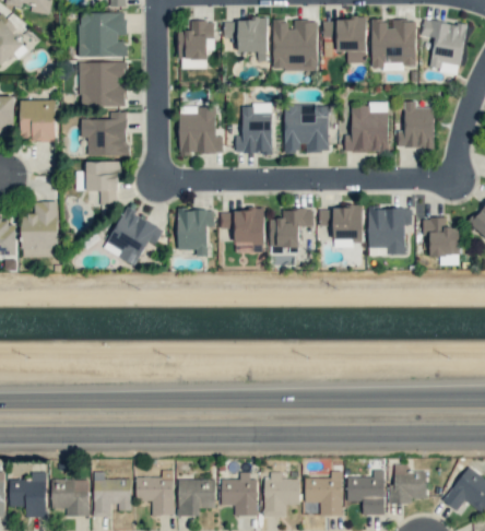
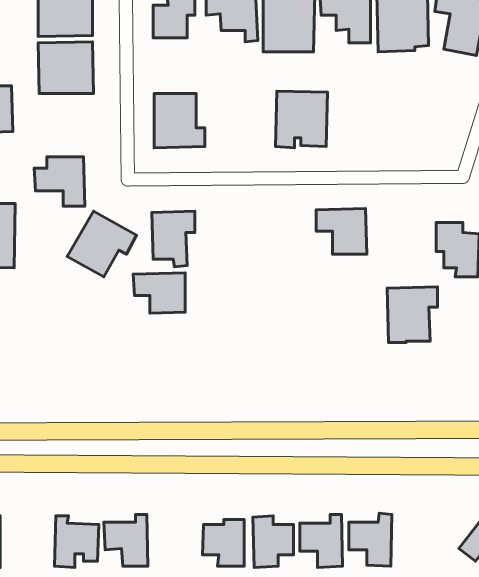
building: [398,101,435,148] -> none
building: [344,103,388,151] -> none
building: [235,104,272,153] -> none
building: [81,110,128,155] -> none
building: [368,206,412,255] -> [387,287,438,343]
building: [220,209,264,244] -> [133,273,185,313]
building: [269,209,314,247] -> none
building: [389,463,427,504] -> none
building: [51,479,88,516] -> none
building: [177,479,215,515] -> none

